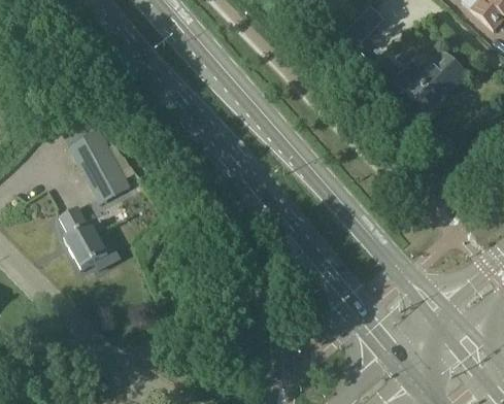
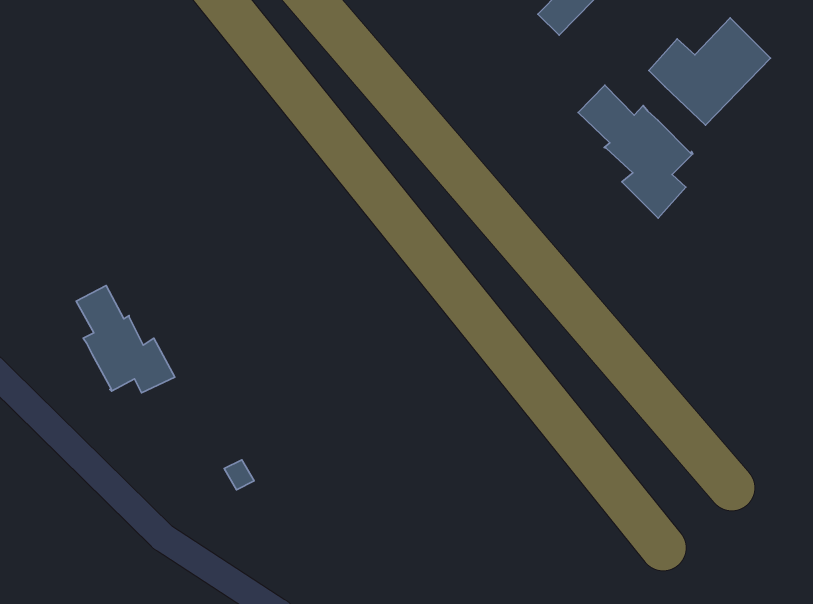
building: none -> [578,85,693,218]
building: [68,128,132,203] -> none

